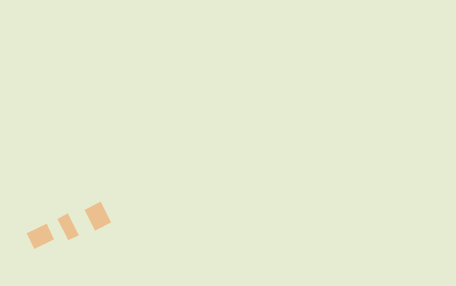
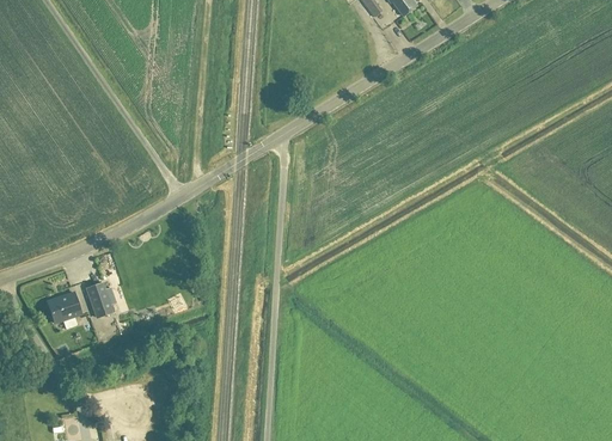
building: [84,201,112,232] -> none

